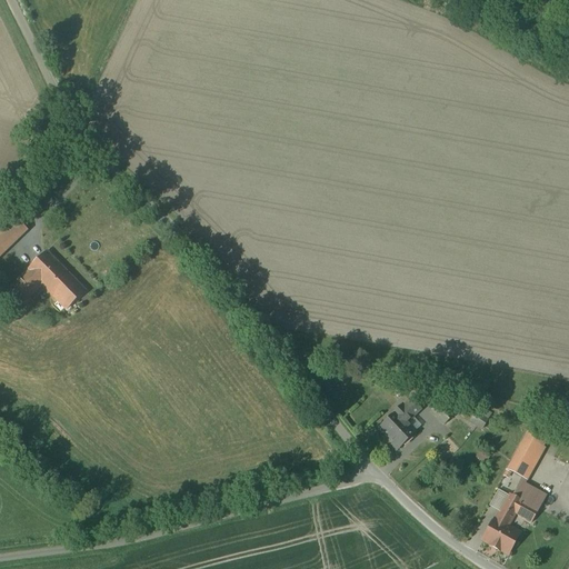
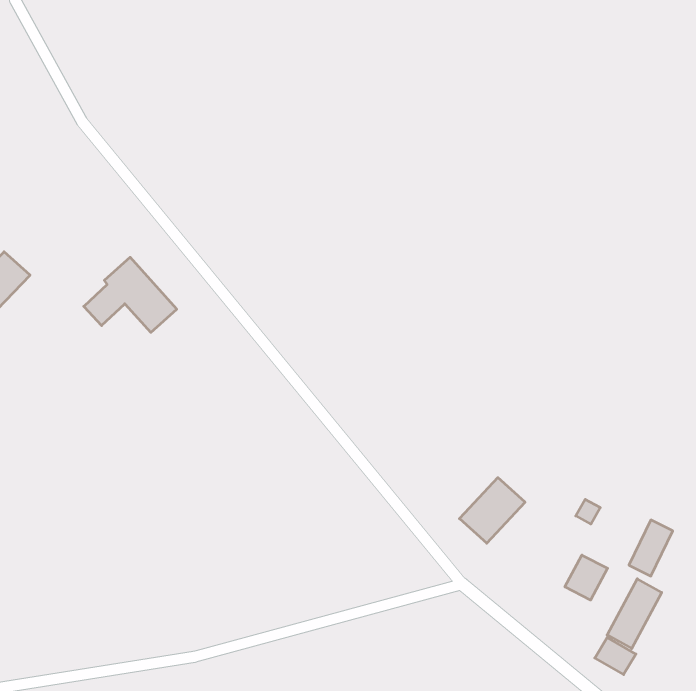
building: [8,248,83,309] -> [84,257,177,332]
building: none -> [565,555,608,600]

